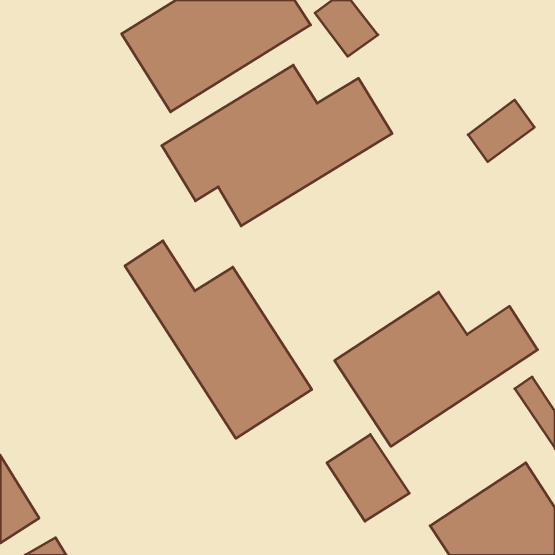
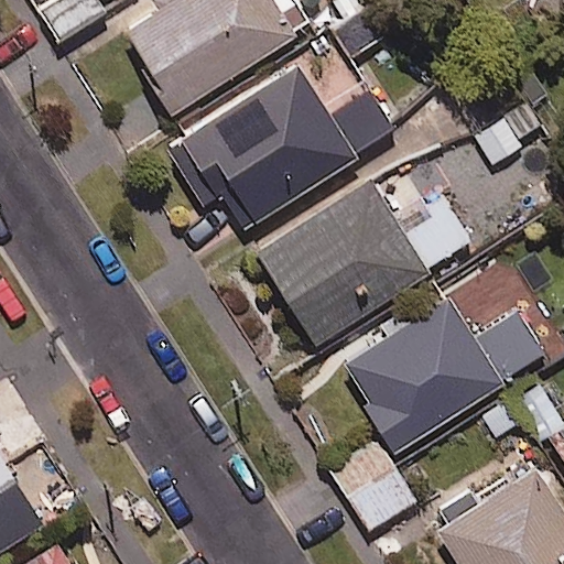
building: none -> [254,181,471,347]
building: [125,241,312,438] -> none

